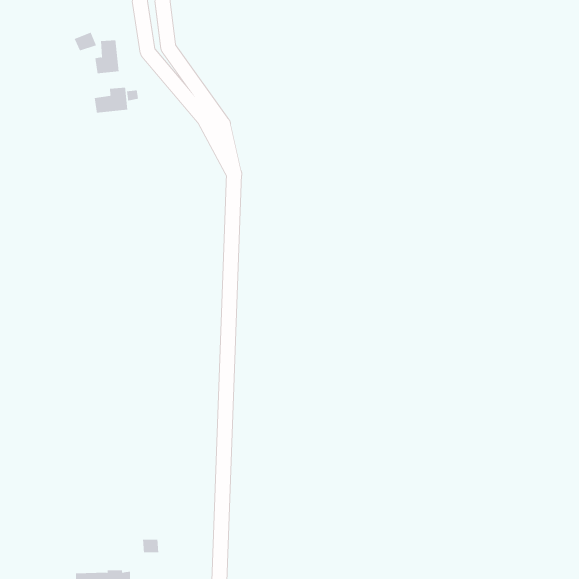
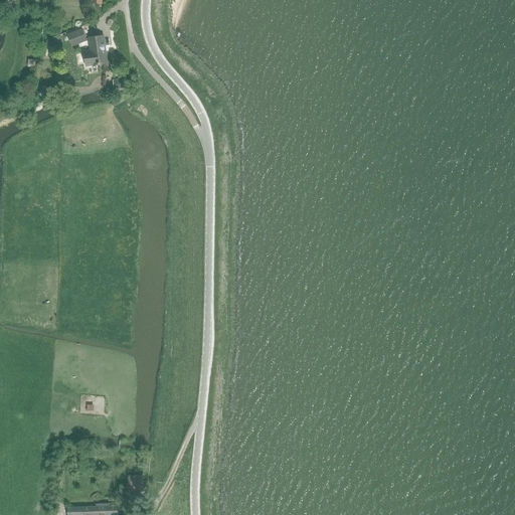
building: [94,87,128,113] -> none

